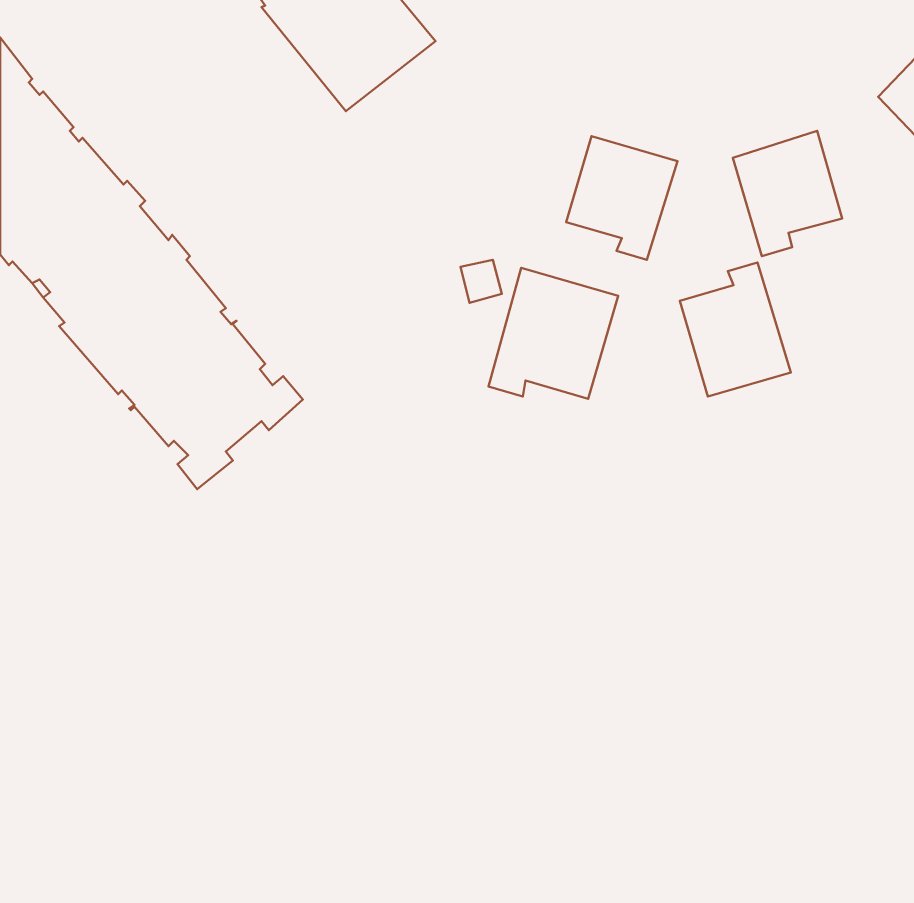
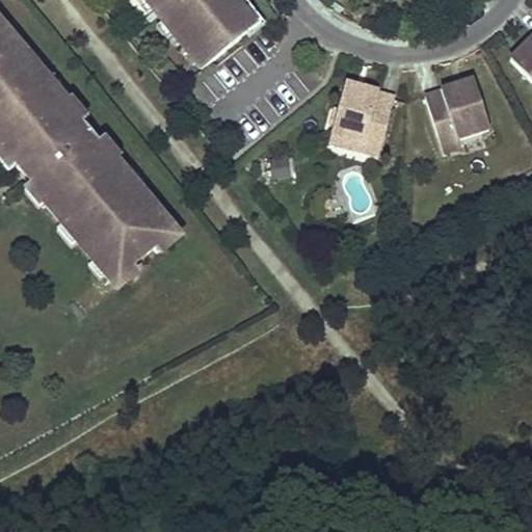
building: [680,263,791,397] -> none
building: [488,268,618,399] -> none

